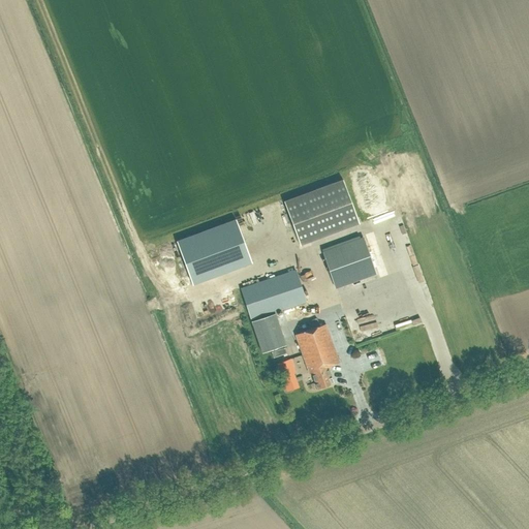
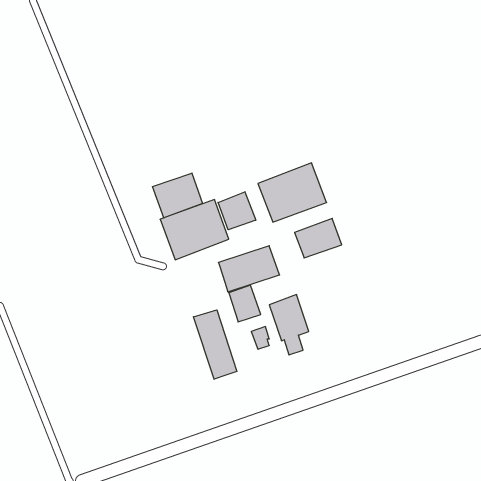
building: none -> [153,173,203,218]
building: none -> [218,192,256,230]
building: none -> [193,310,237,379]

